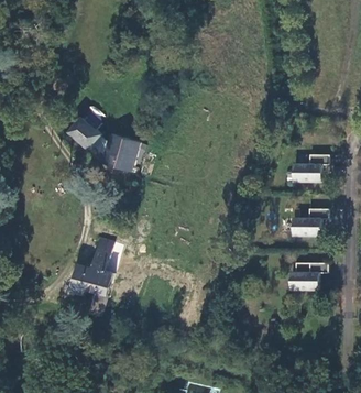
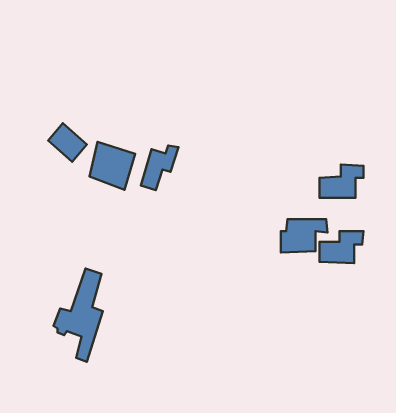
building: none -> [141,145,178,190]
building: [291,262,329,290] -> [281,219,328,253]

